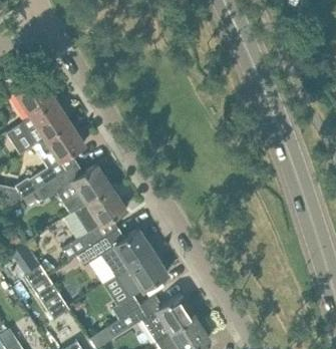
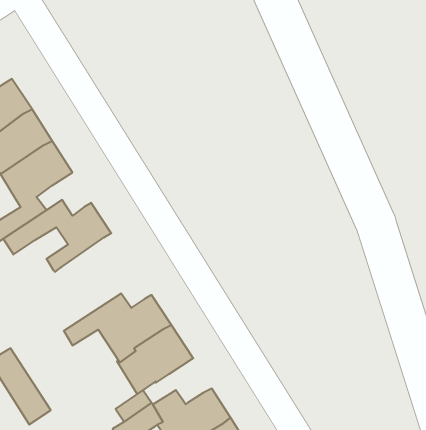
building: [64,187,126,259] -> none

